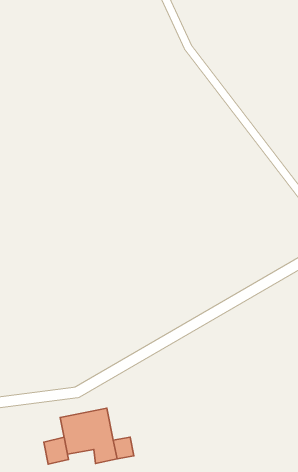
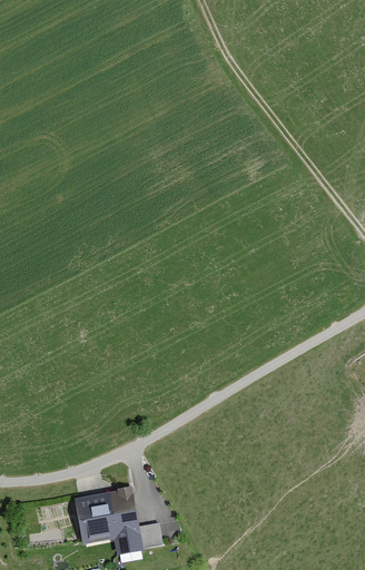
building: [44,437,69,464] -> none

